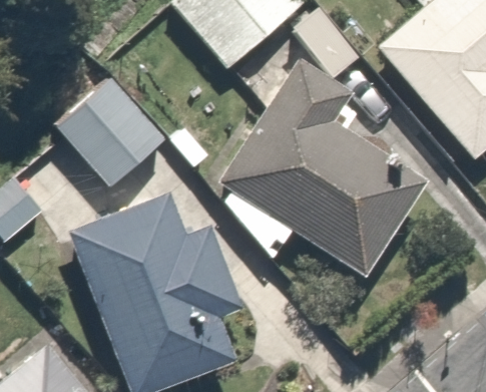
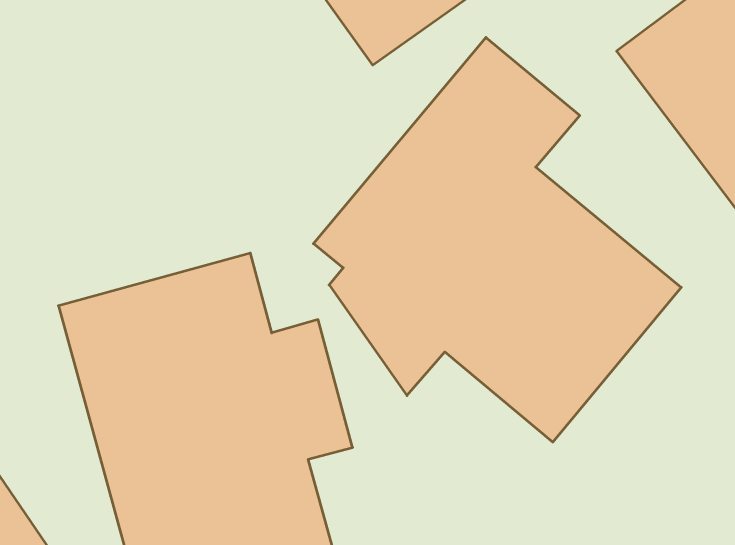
building: [57,73,171,190] -> none

